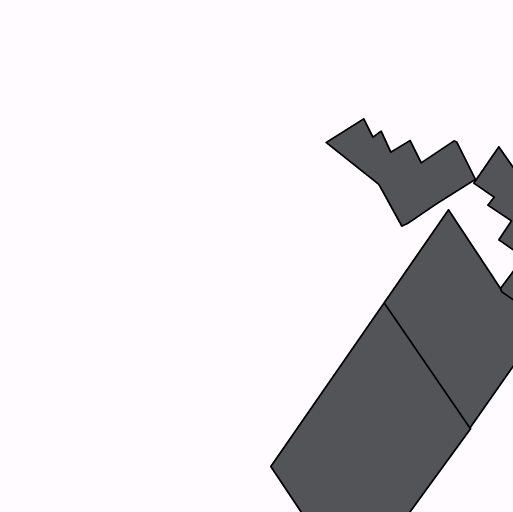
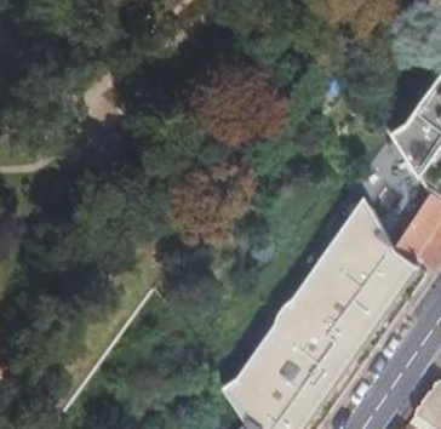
building: [326,119,476,226] -> none

